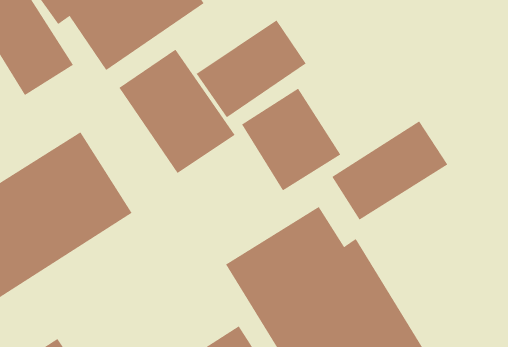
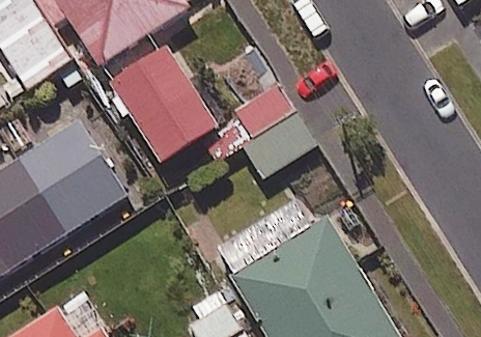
building: [196,19,307,118] -> none
building: [331,120,448,220] -> none

